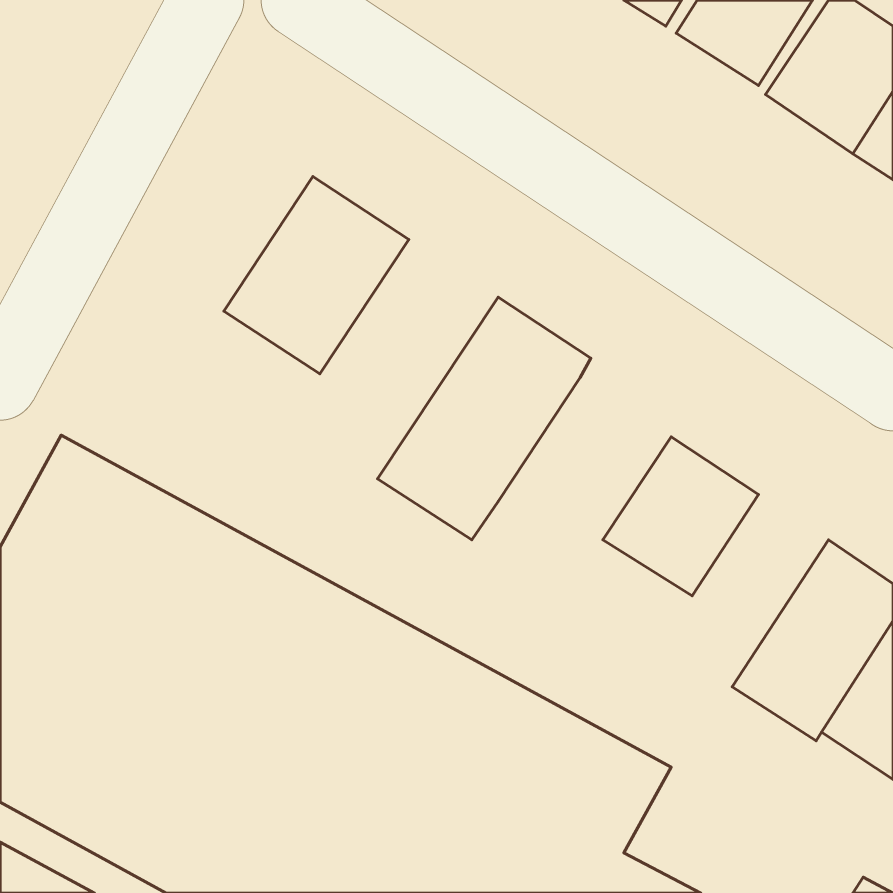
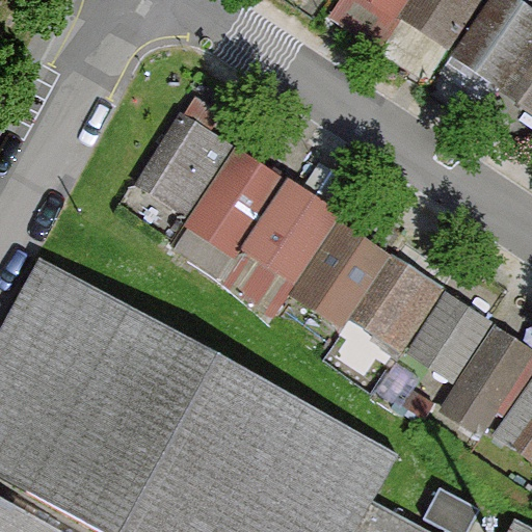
building: none -> [171,142,296,285]
building: none -> [296,224,399,334]
building: none -> [411,294,493,381]

